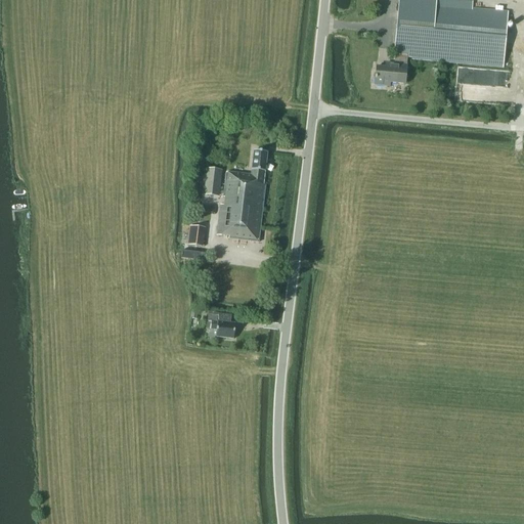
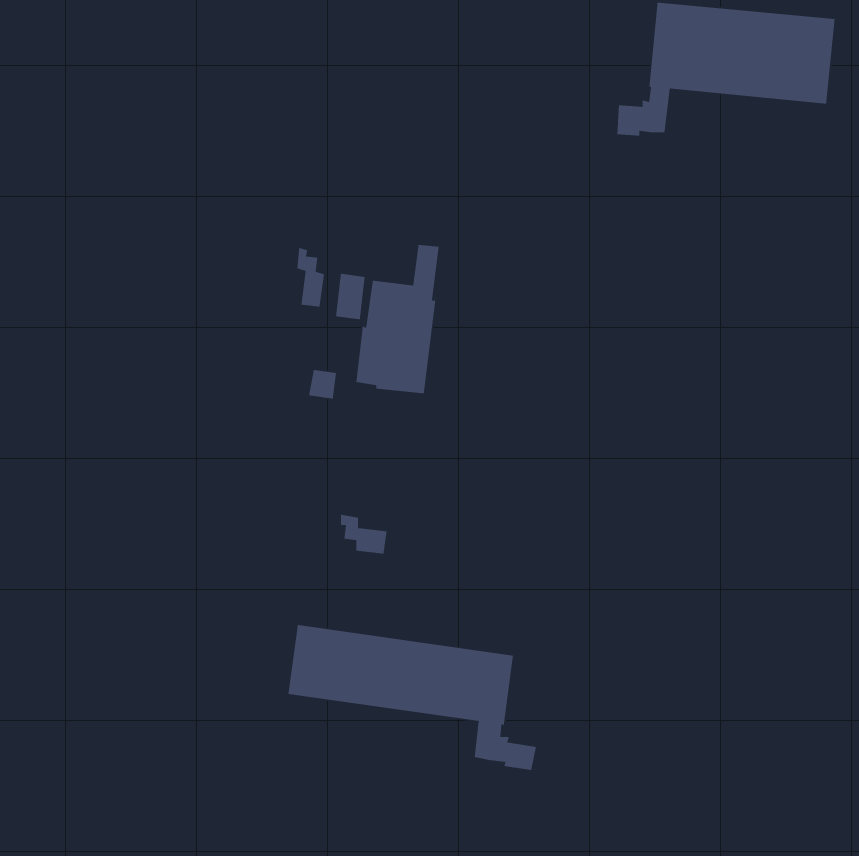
building: none -> [297,247,325,308]
building: none -> [287,624,537,771]

